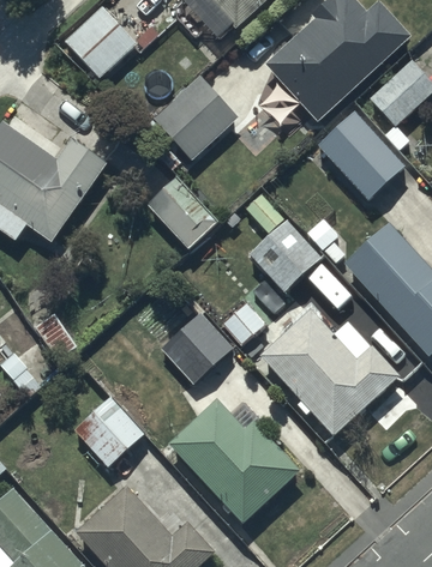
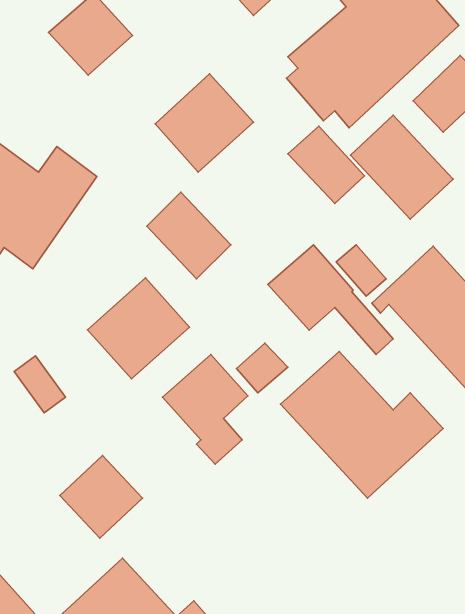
building: none -> [288,126,364,203]
building: none -> [87,278,189,379]
building: [172,402,300,524] -> none

